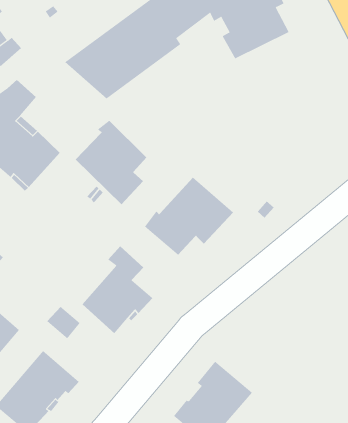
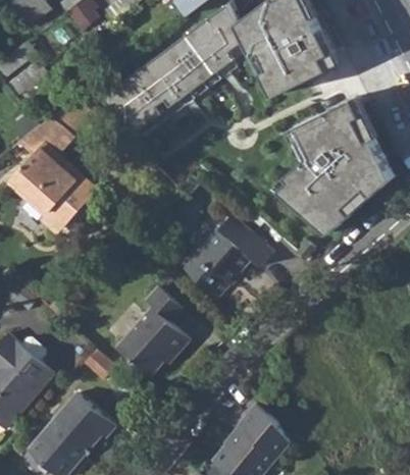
building: none -> [280,101,381,226]
building: [75,120,147,205] -> none

